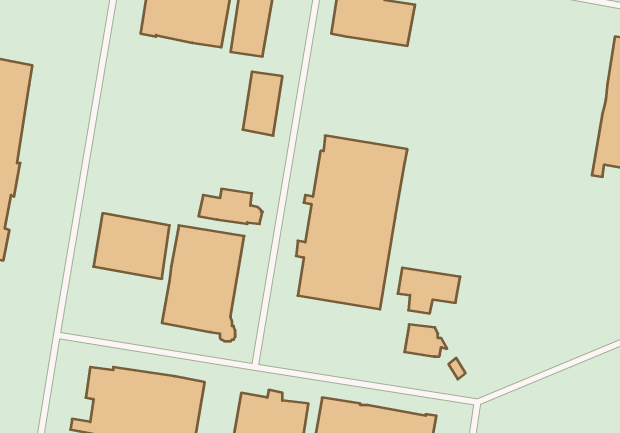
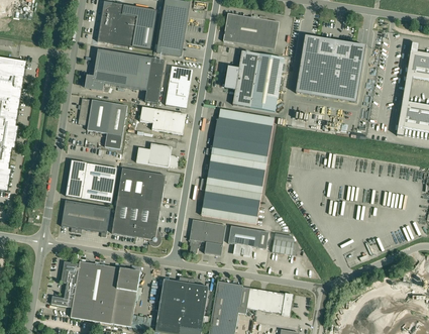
building: none -> [297,35,365,91]
building: none -> [85,48,165,103]
building: none -> [225,50,284,111]
building: none -> [77,98,127,148]
building: none -> [139,106,185,133]
building: [398,268,460,313] -> [227,225,269,255]
building: none -> [61,200,110,232]
building: none -> [189,219,225,255]

